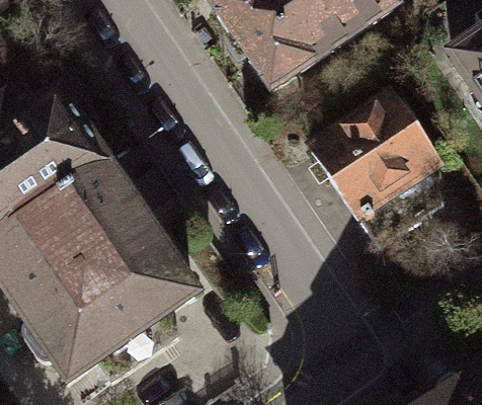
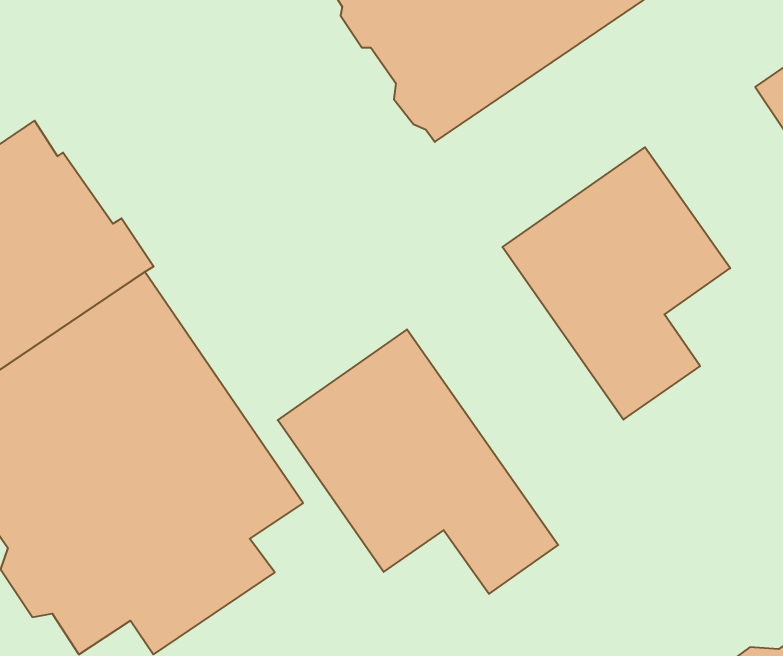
building: none -> [278,329,558,594]

